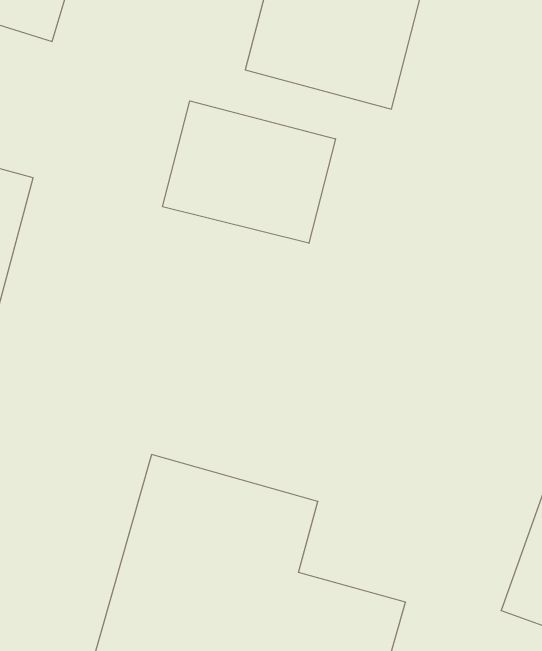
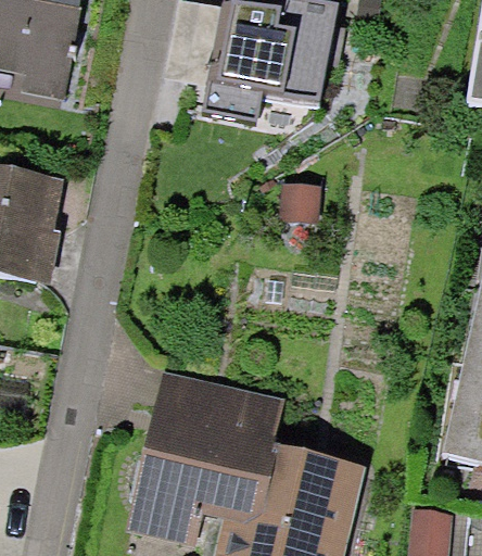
building: [163,101,336,243] -> none

